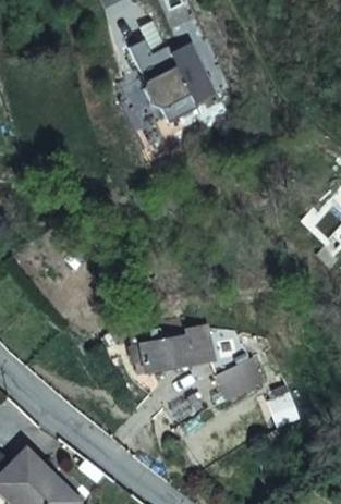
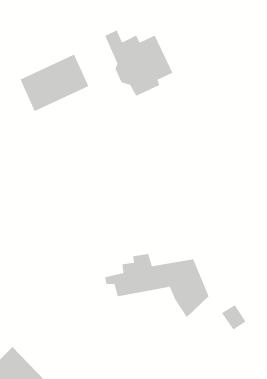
building: none -> [20,53,89,112]

